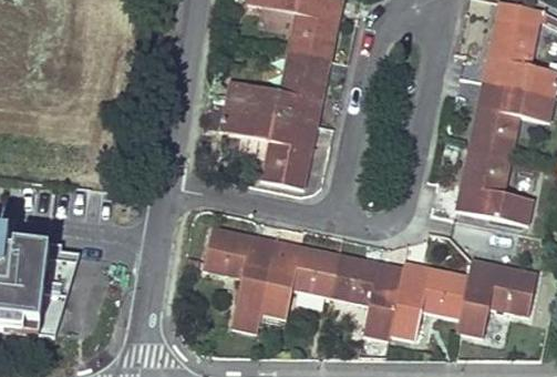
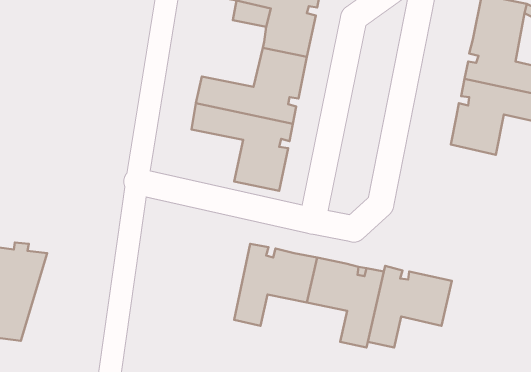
building: [455,144,533,225] -> none
building: [203,226,276,333] -> none
building: [456,257,537,337] -> none

